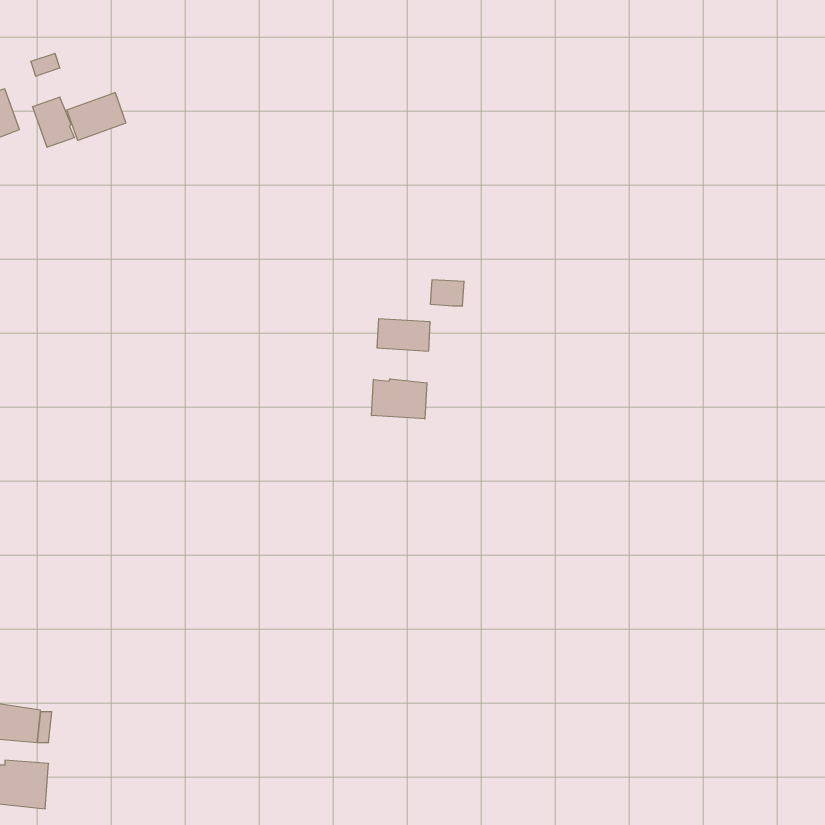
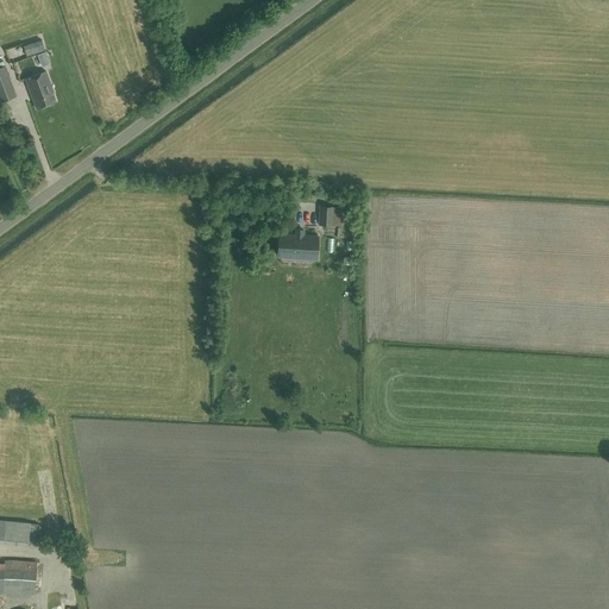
building: [67,92,126,140] -> none
building: [372,379,427,419] -> none

